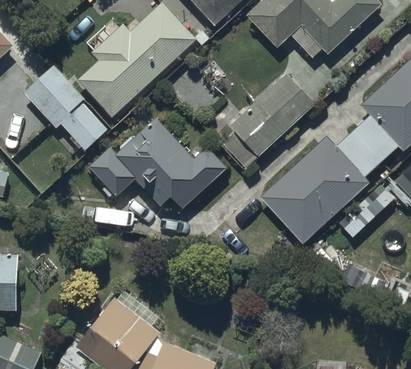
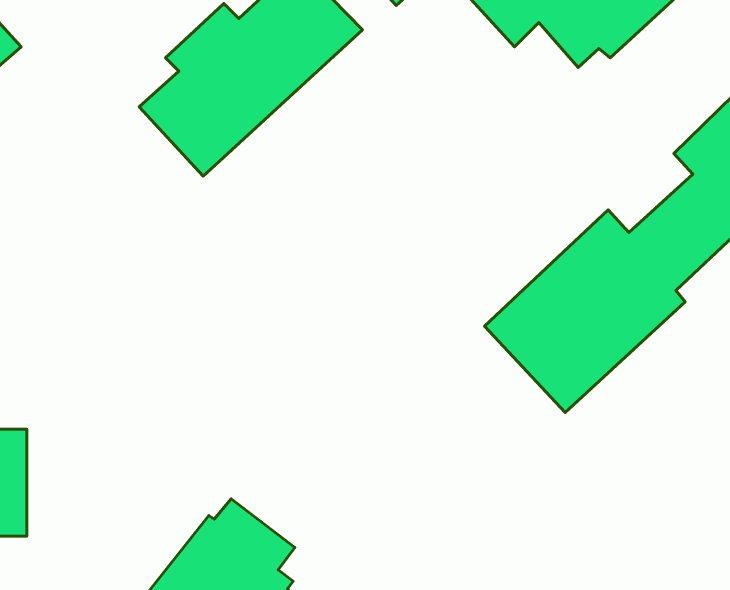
building: [28,70,108,151] -> none
building: [230,75,313,157] -> none
building: [90,119,227,208] -> none

